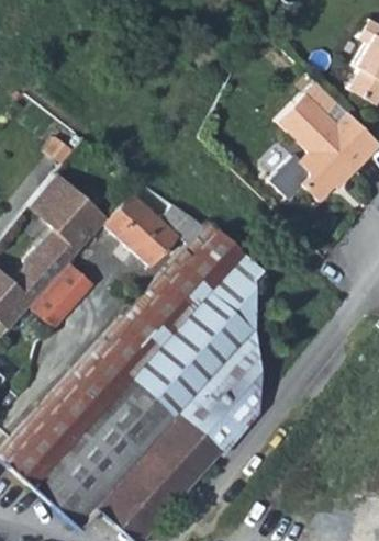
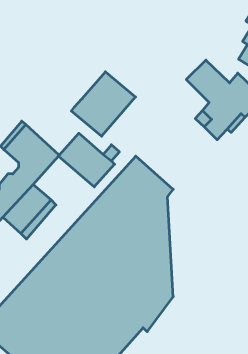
building: none -> [71,72,136,136]

